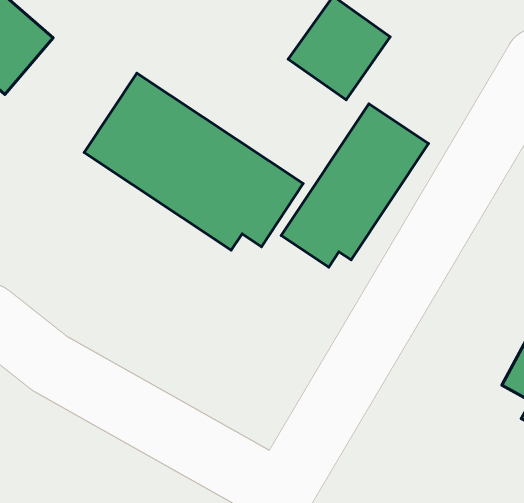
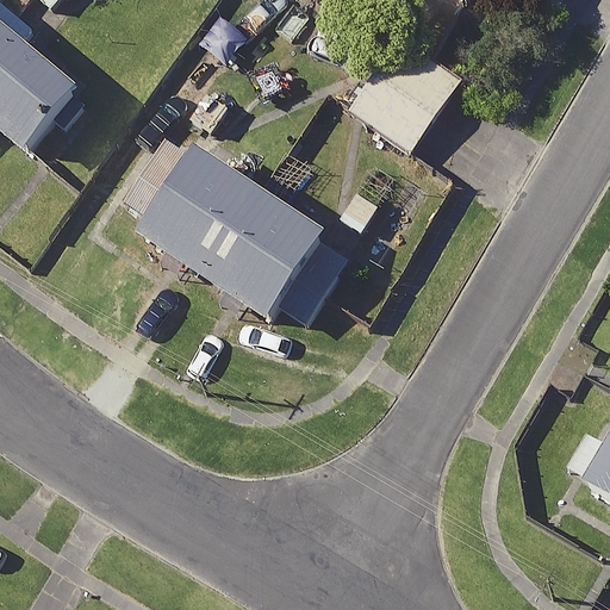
building: [281,104,428,267] -> none

